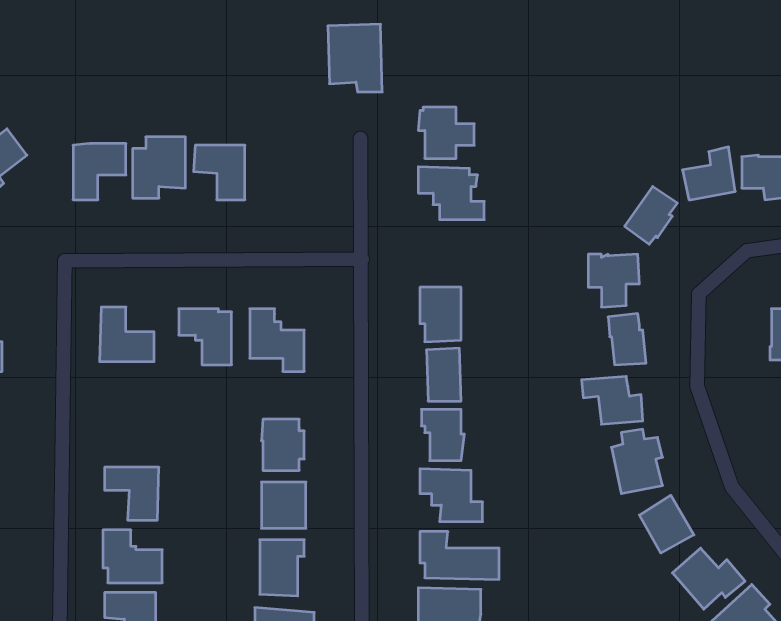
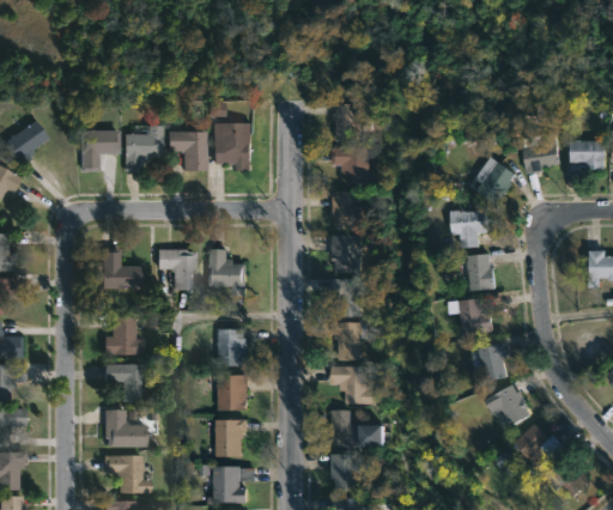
building: [328,24,382,92] -> [213,122,253,171]
building: none -> [334,192,376,231]
building: none -> [103,317,142,356]

